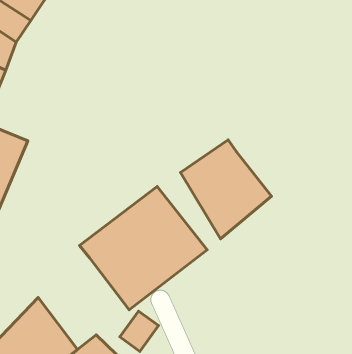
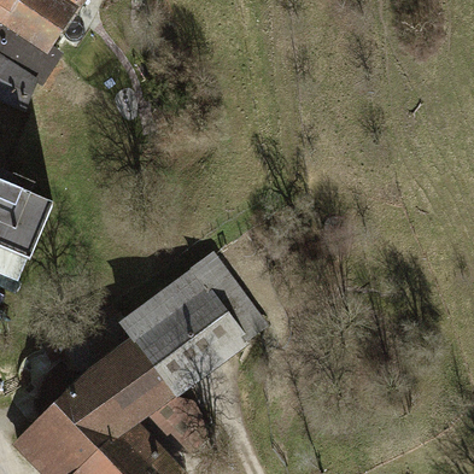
building: [181,140,271,239] -> none
building: none -> [68,334,174,440]

